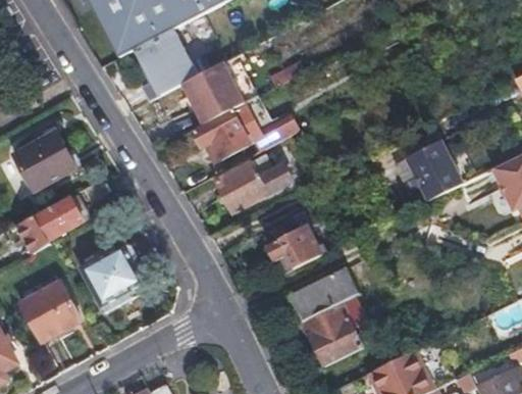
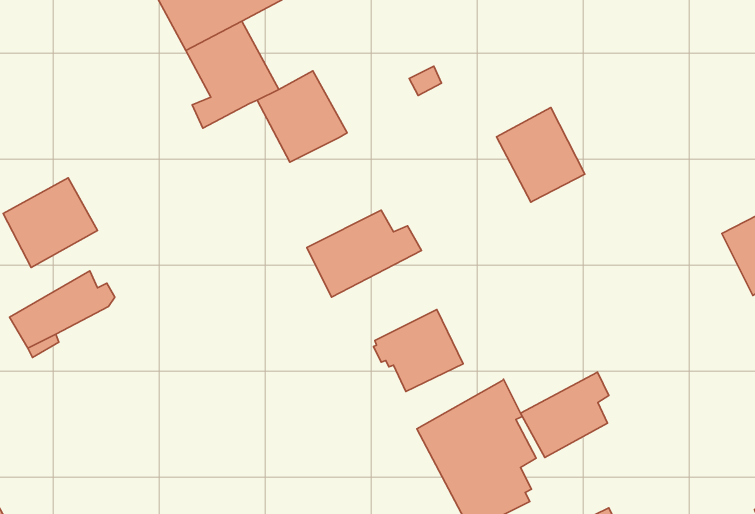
building: [189,96,296,163] -> none
building: [393,145,451,207] -> [497,107,585,202]
building: [85,245,146,306] -> none
building: none -> [520,372,609,458]
building: [18,281,83,343] -> none

